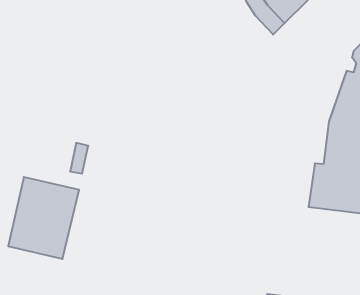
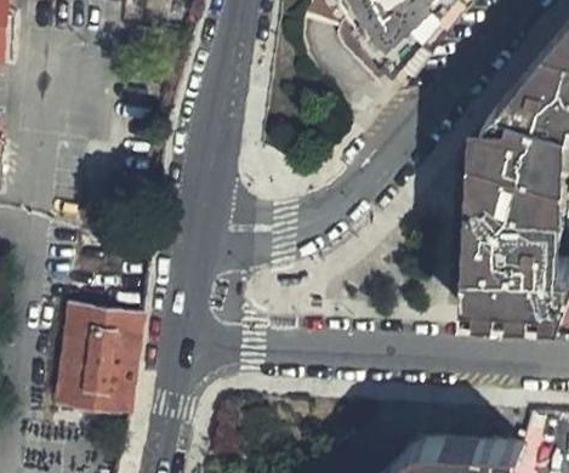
building: none -> [466,92,511,251]

